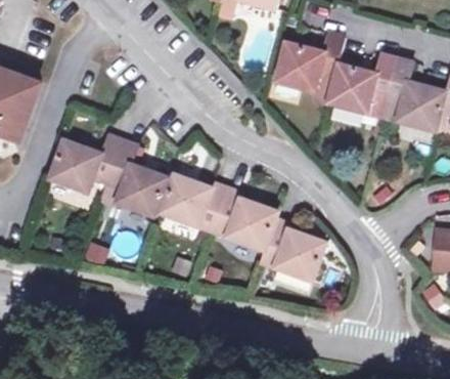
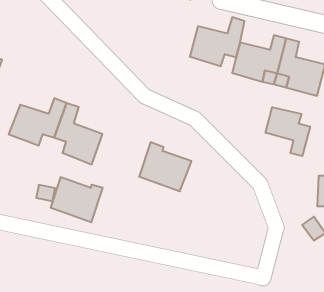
building: none -> [266,107,310,156]
building: [161,175,226,231] -> [51,177,103,222]
building: [259,218,325,280] -> none

